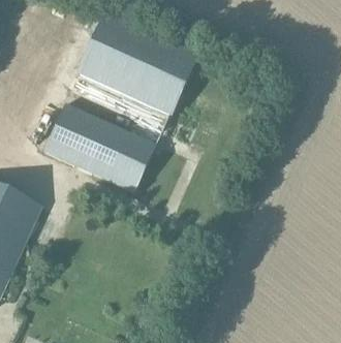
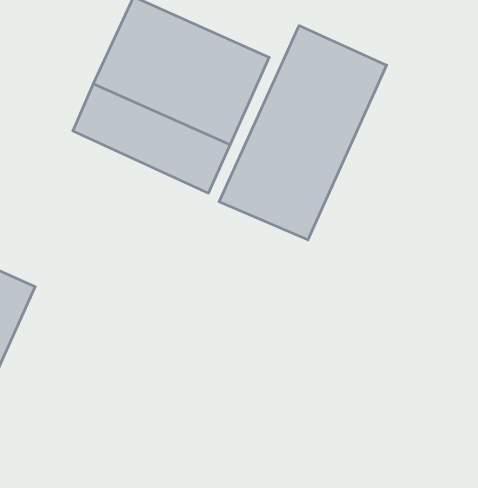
building: none -> [219,26,387,240]
building: [44,102,156,191] -> none

